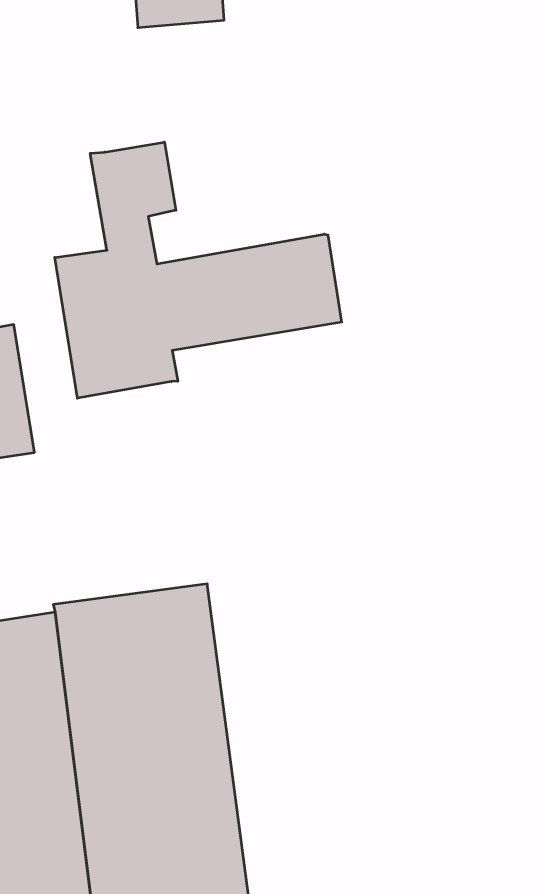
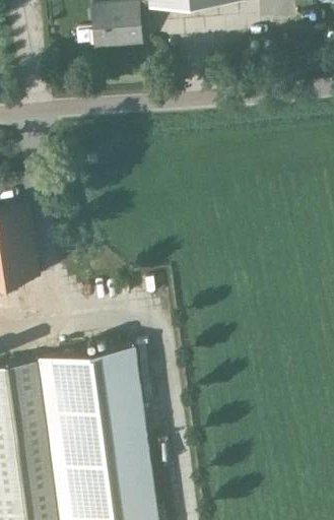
building: [55,142,342,398] -> none

